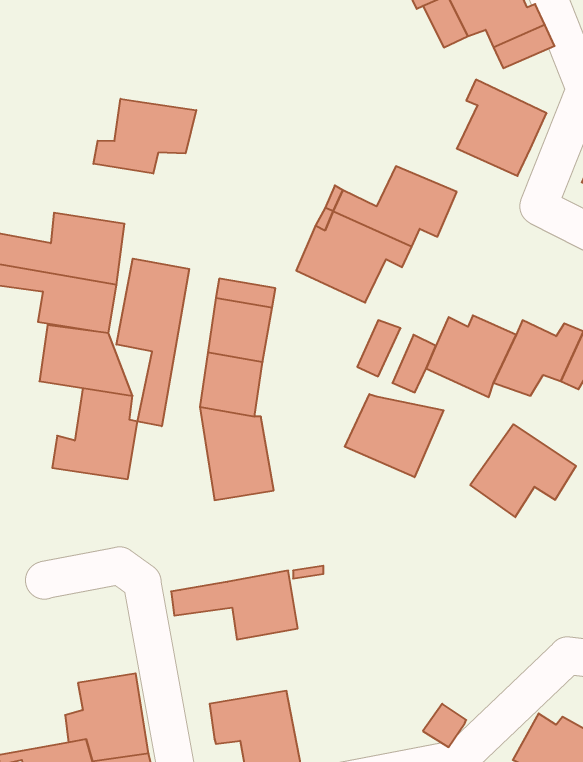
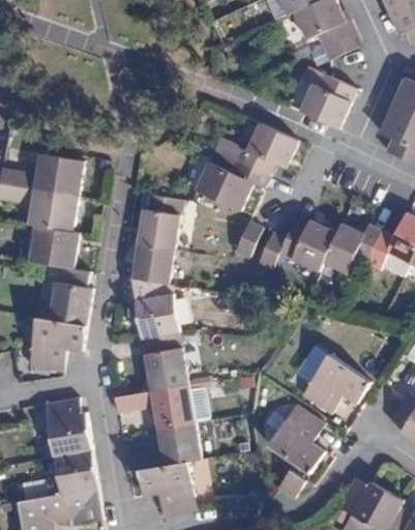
building: [93,99,196,174] -> none
building: [116,259,189,426] -> none
building: [345,394,444,477] -> none
building: [470,424,576,517] -> [301,354,369,414]
building: none -> [29,318,86,371]
building: none -> [142,332,189,391]
building: none -> [46,398,91,457]
building: none -> [268,403,326,473]
building: none -> [123,421,202,472]

